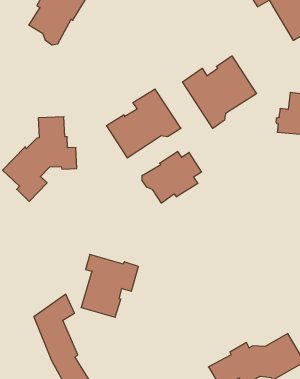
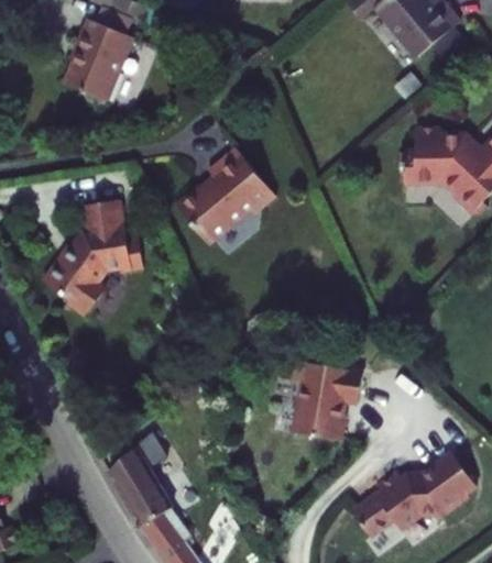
building: [183,56,257,128] -> none
building: [142,151,202,203] -> none
building: [81,254,138,317] -> [294,361,364,441]

